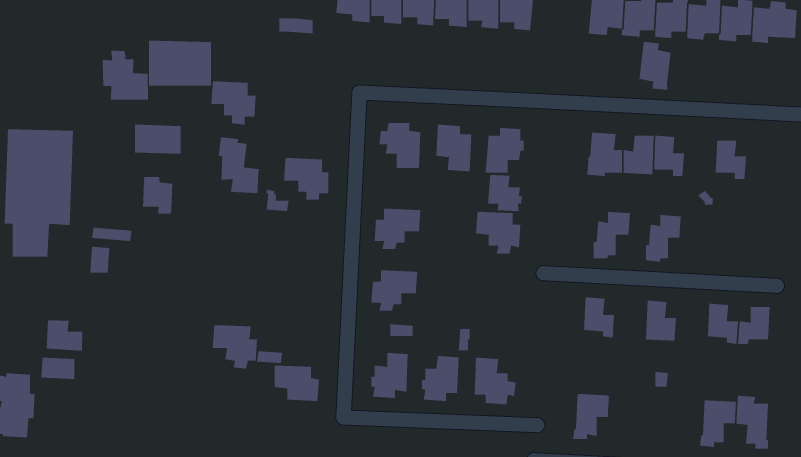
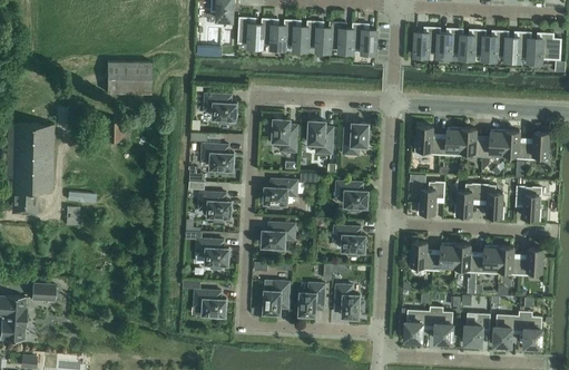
building: [639,41,671,91] -> none
building: [102,50,149,100] -> none
building: [211,81,257,125] -> [204,94,236,125]
building: [218,137,259,194] -> none
building: none -> [481,130,504,157]
building: none -> [524,133,548,160]
building: [488,174,522,212] -> none
building: [143,176,173,215] -> none
building: none -> [479,185,503,218]
building: none -> [516,186,541,221]
building: none -> [198,192,230,222]
building: none -> [333,226,365,256]
building: none -> [432,244,455,272]
building: none -> [475,246,499,274]
building: [46,320,83,351] -> none
building: [212,325,258,369] -> [196,238,228,270]
building: none -> [429,306,452,344]
building: none -> [463,313,490,345]

